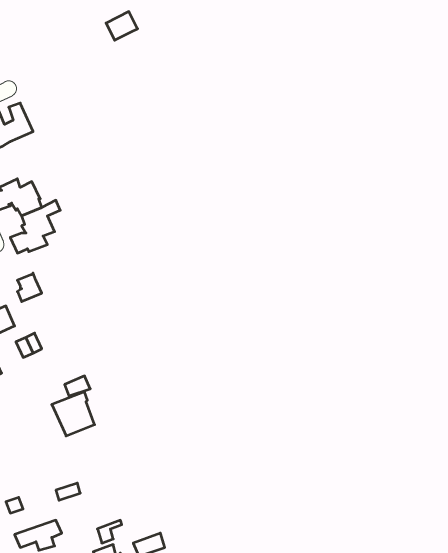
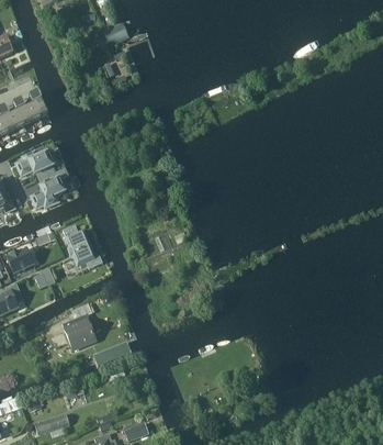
building: none -> [63,224,95,266]

